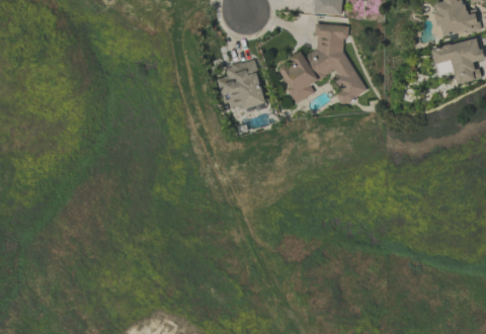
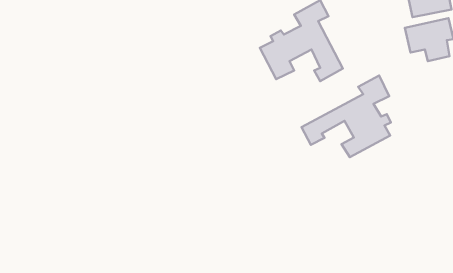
building: [218,60,265,111] -> none
building: none -> [302,76,391,157]

